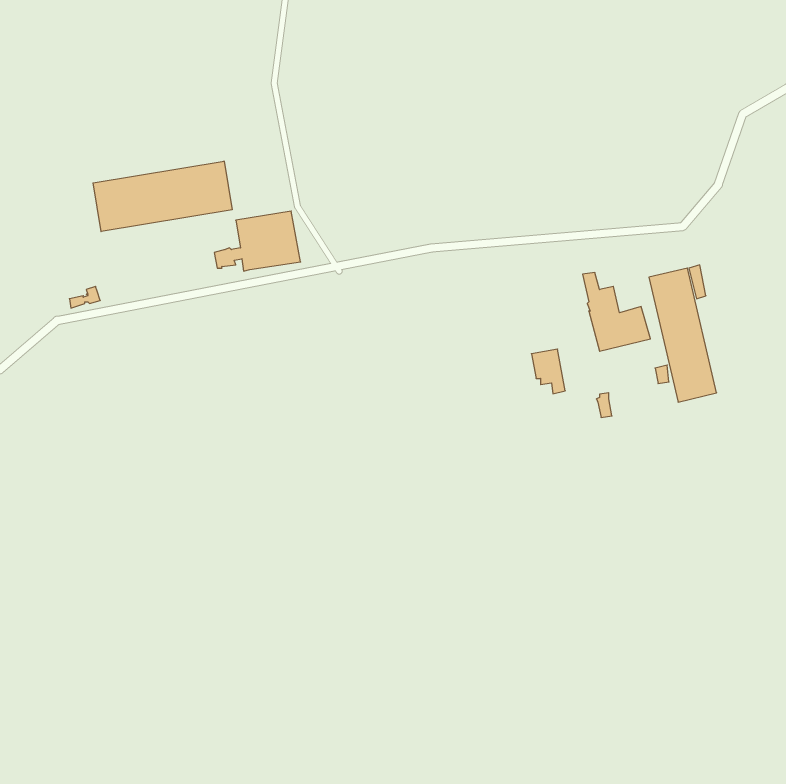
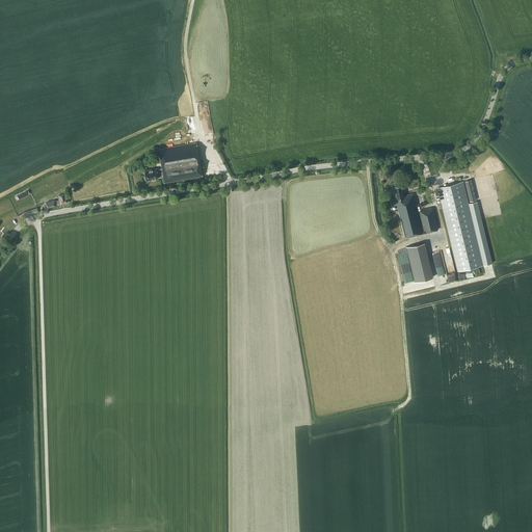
building: [93,161,232,232] -> none
building: [531,349,565,394] -> [407,244,430,274]

